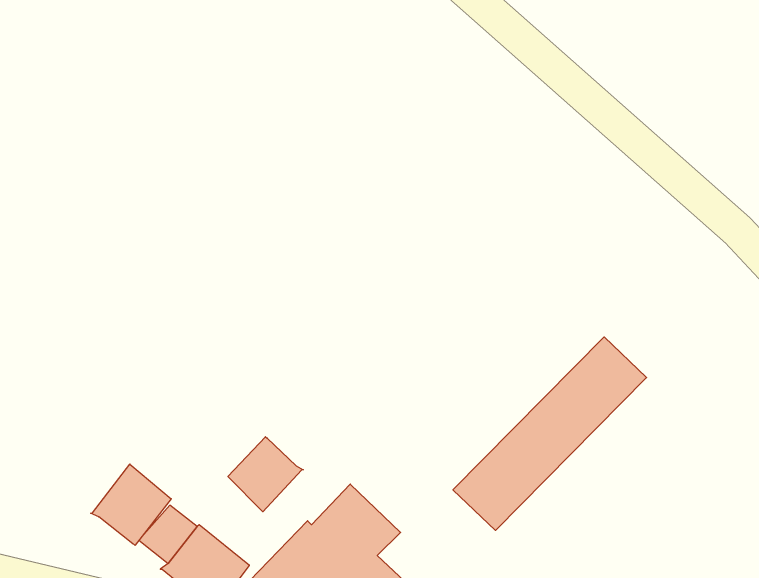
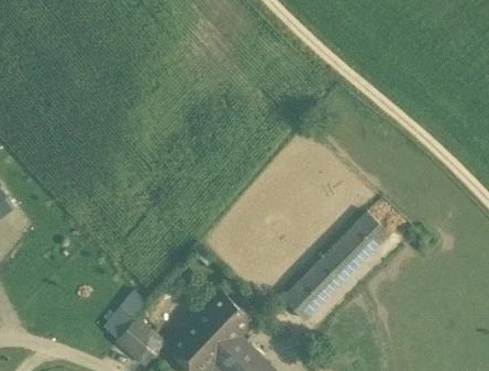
building: [228,437,303,512] -> none
building: [91,464,171,545] -> none

